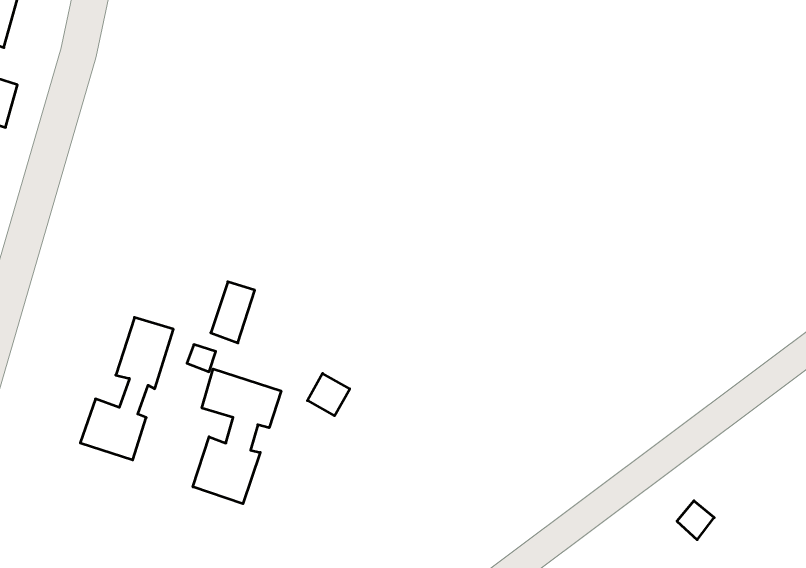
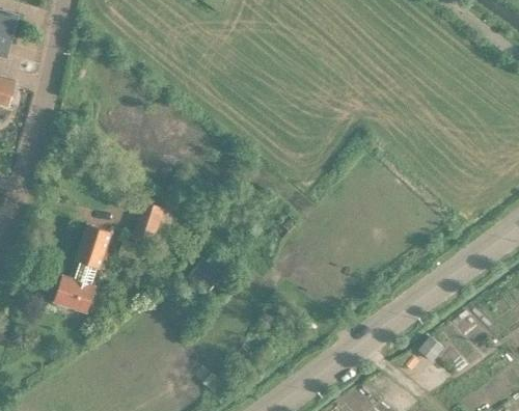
building: [193,369,281,504] -> none

